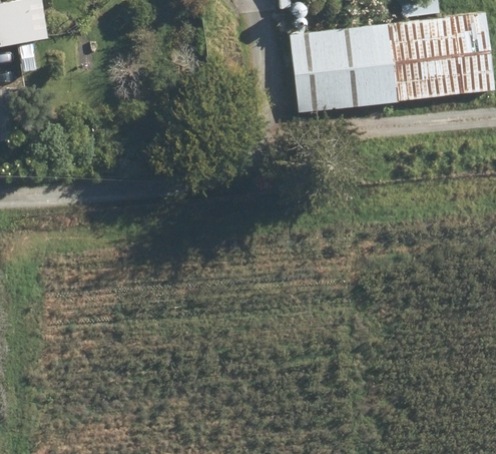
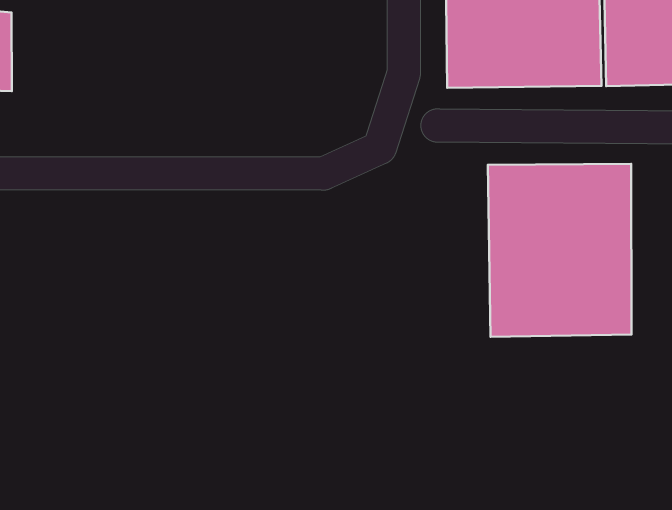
building: none -> [488,164,632,337]

